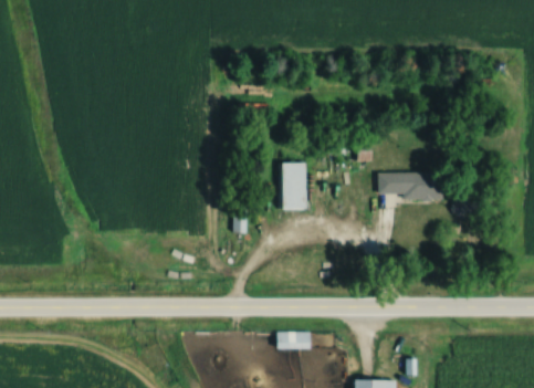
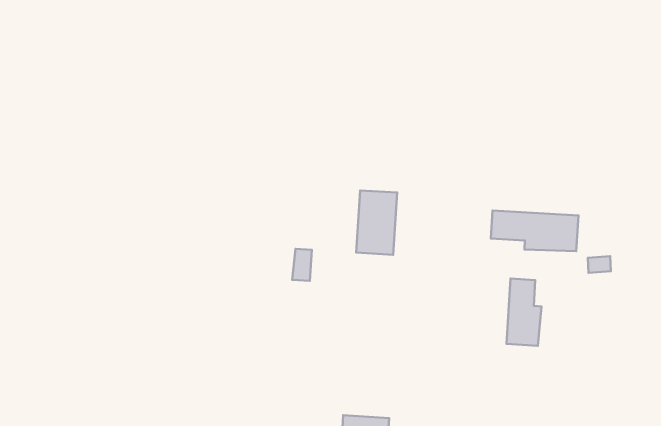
building: none -> [506,279,542,346]

